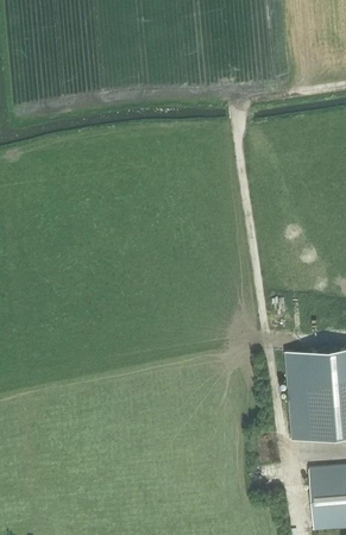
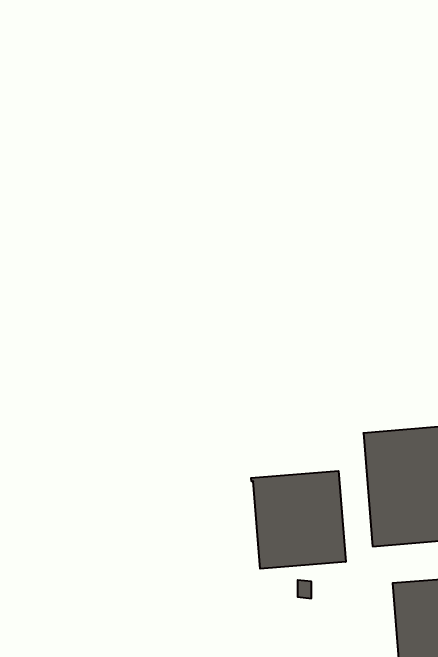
building: none -> [251,471,346,569]

